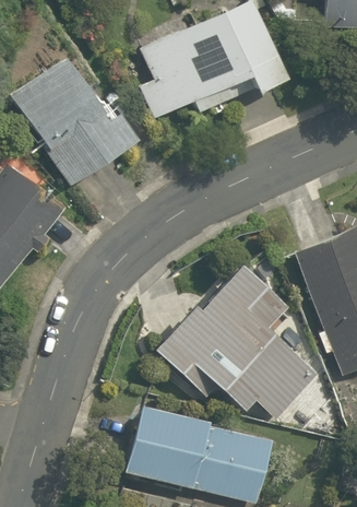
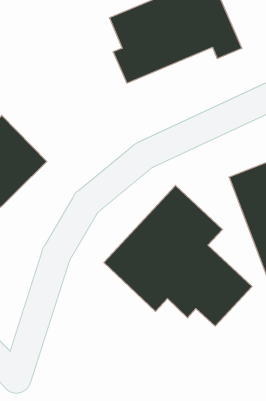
building: [23,60,141,193] -> none
building: [110,397,263,498] -> none

